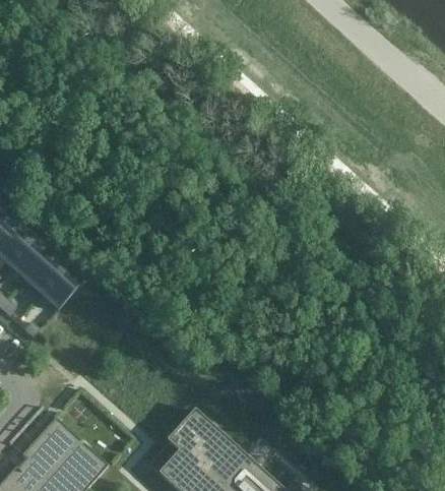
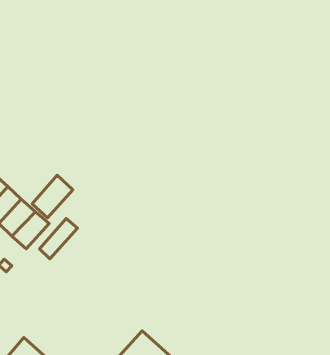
building: none -> [32,175,73,218]
building: none -> [39,218,78,259]

